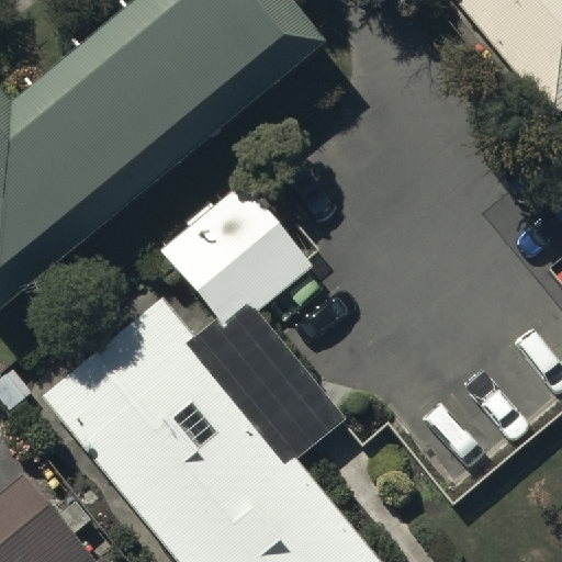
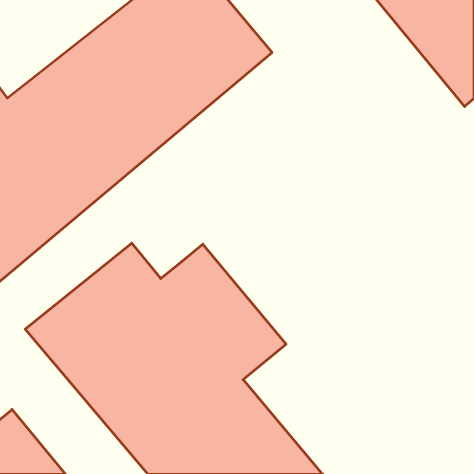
building: [155,171,303,307] -> none

